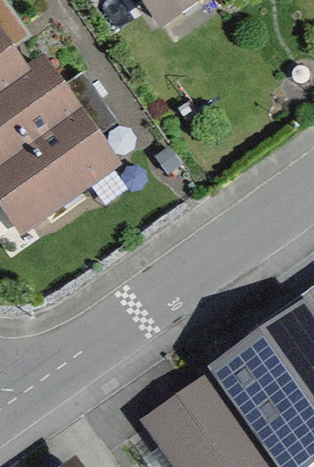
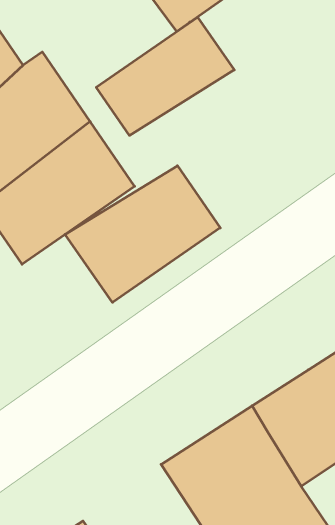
building: none -> [96,17,234,135]
building: none -> [65,166,220,302]

